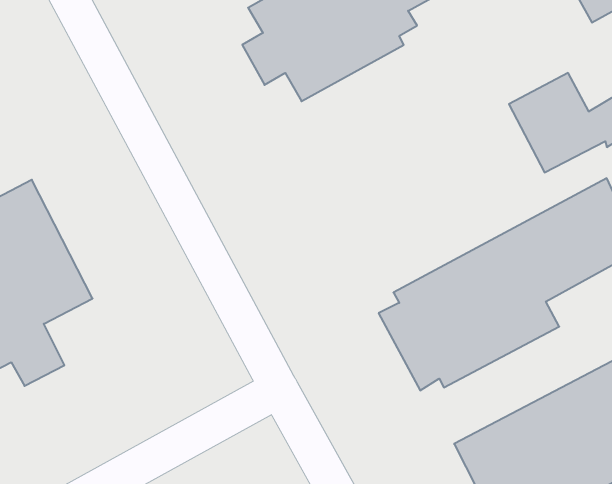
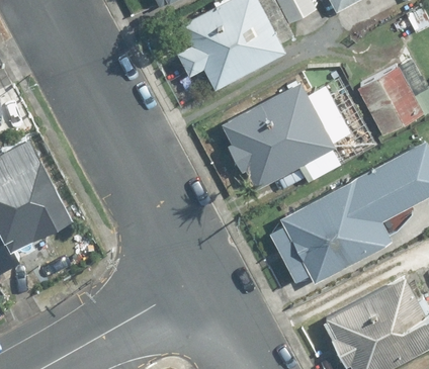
building: none -> [221,79,377,192]

